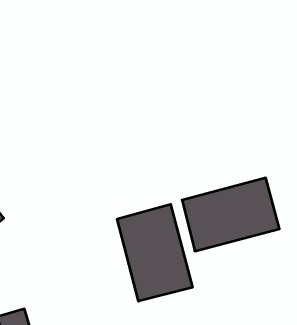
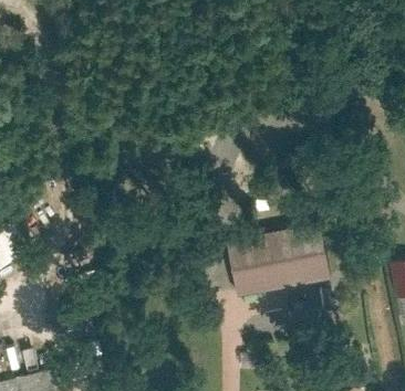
building: [117,204,192,301] -> none

